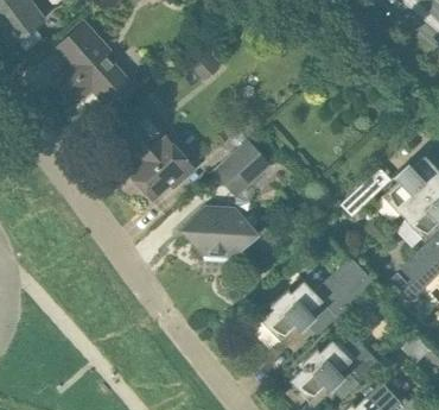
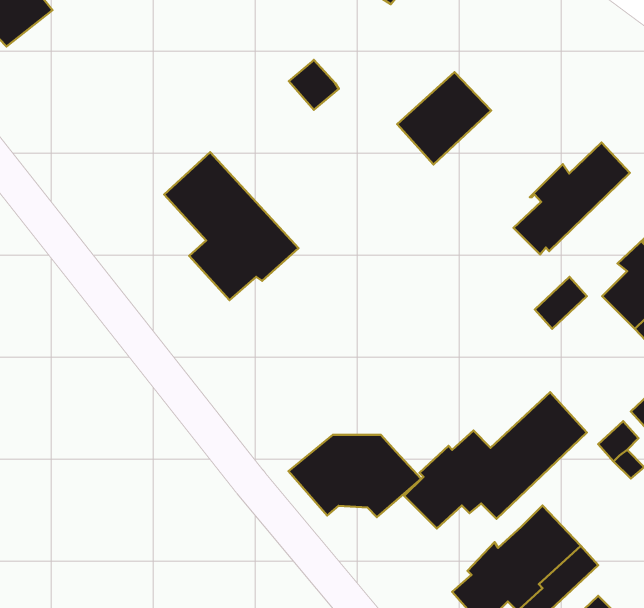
building: [52,24,139,114] -> none
building: none -> [513,143,630,254]
building: [211,139,269,196] -> [397,72,491,164]
building: [179,207,261,258] -> [289,435,421,517]

